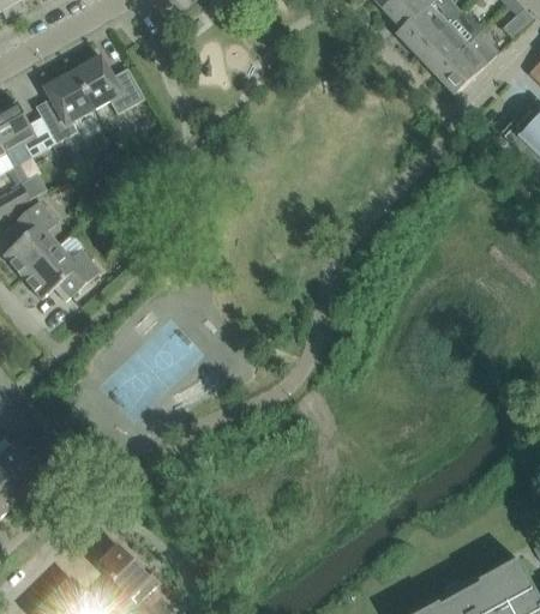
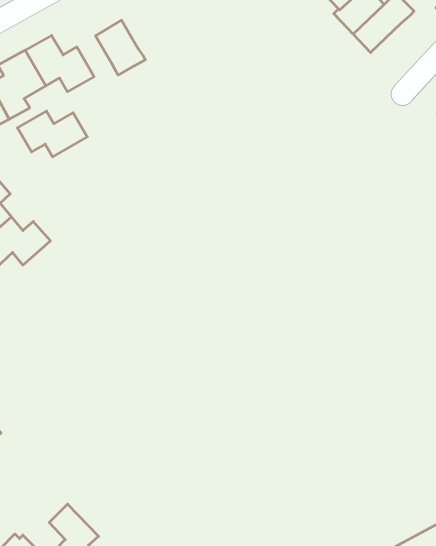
building: [433,34,496,94] -> none
building: none -> [96,20,145,75]
building: none -> [17,111,87,157]

